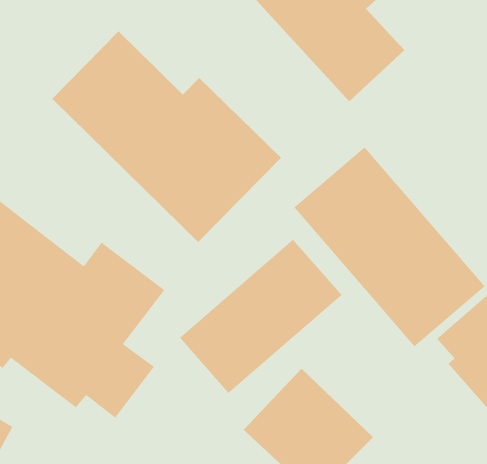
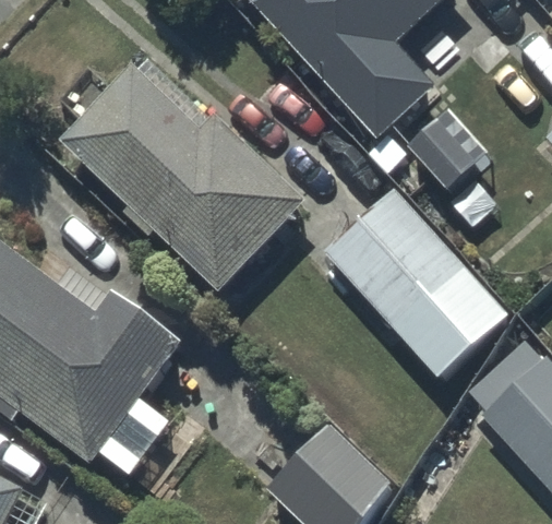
building: [179,239,342,394] -> none

